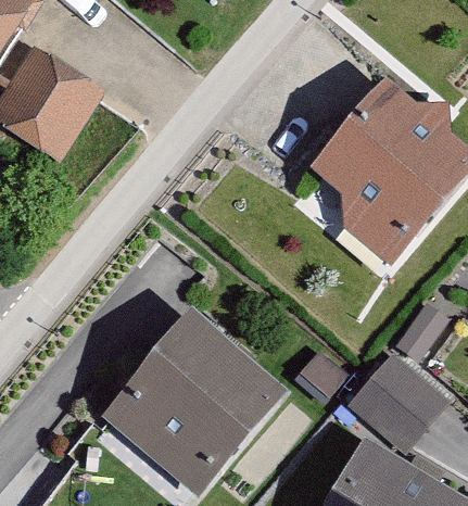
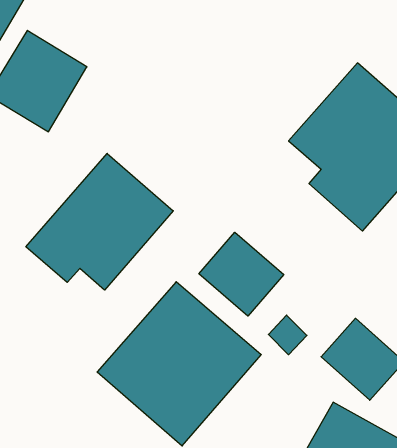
building: none -> [26,153,173,290]
building: none -> [199,232,284,316]

